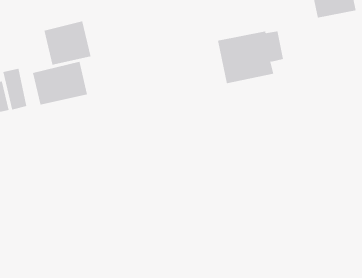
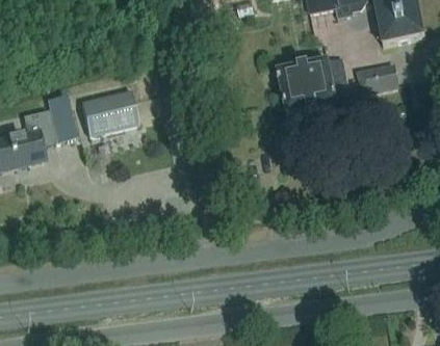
building: [44,21,91,65] -> none
building: none -> [353,64,395,94]

